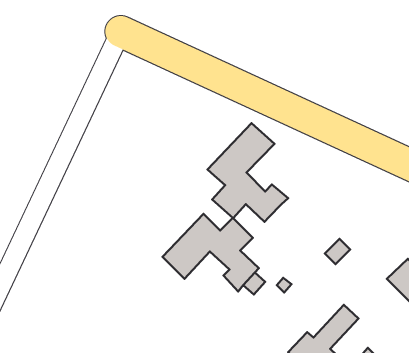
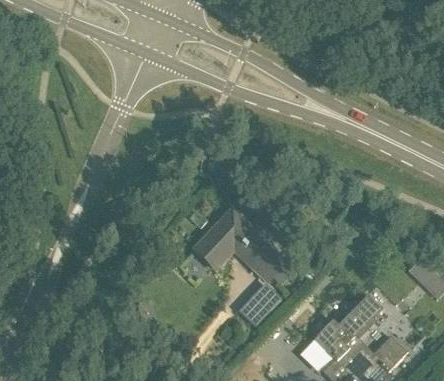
building: [208,123,288,222] -> none
building: none -> [237,284,280,327]

